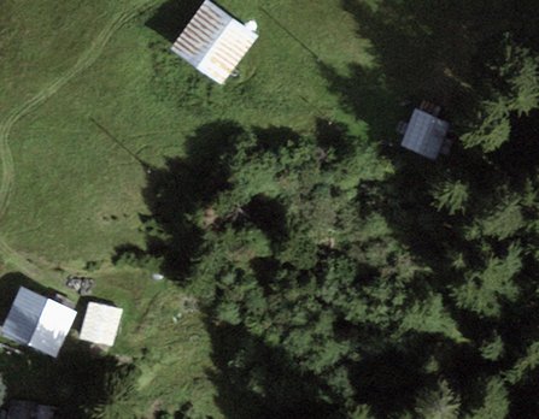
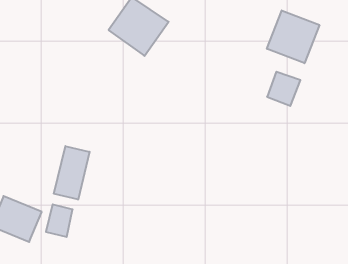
building: none -> [267,10,319,63]
building: none -> [54,146,90,200]

